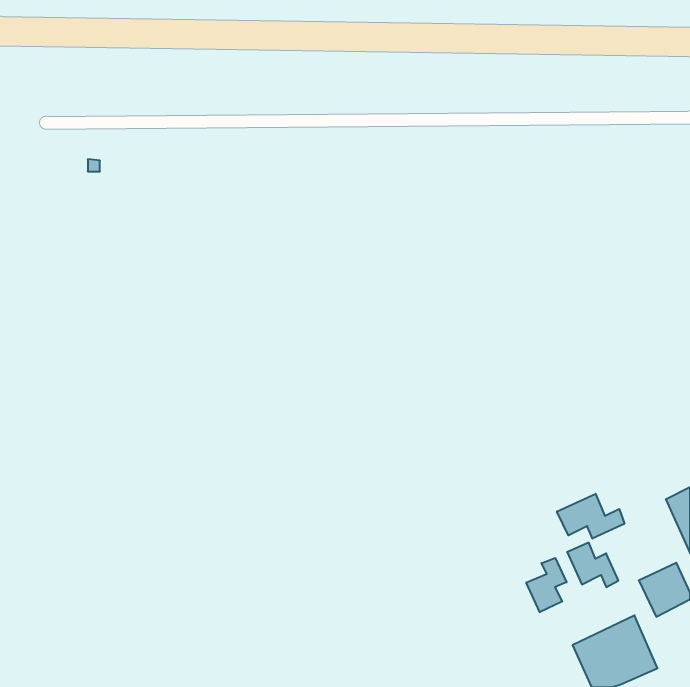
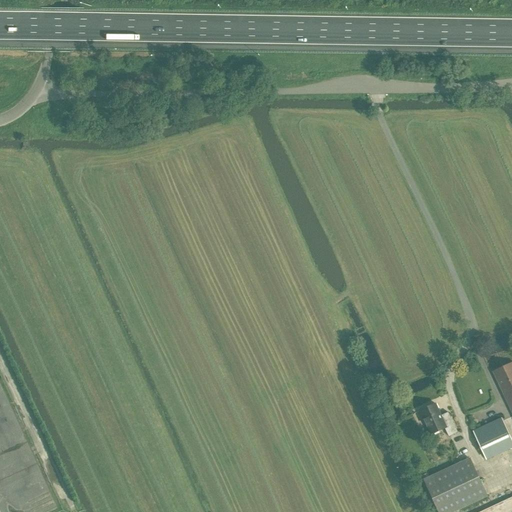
building: [557,494,624,539] -> none
building: [526,558,567,612] -> none

